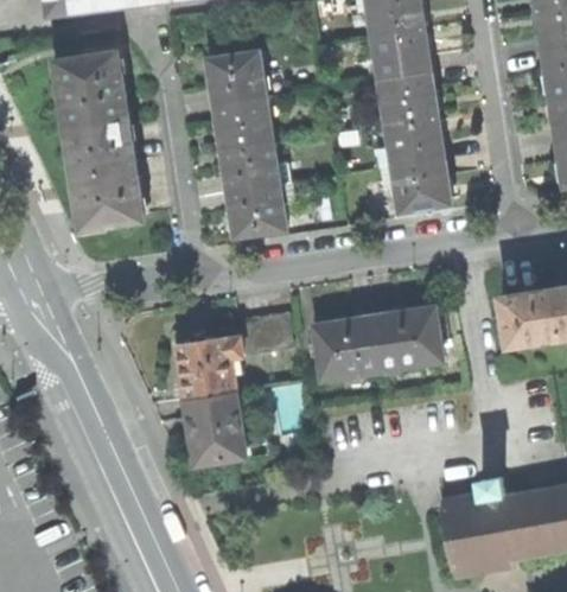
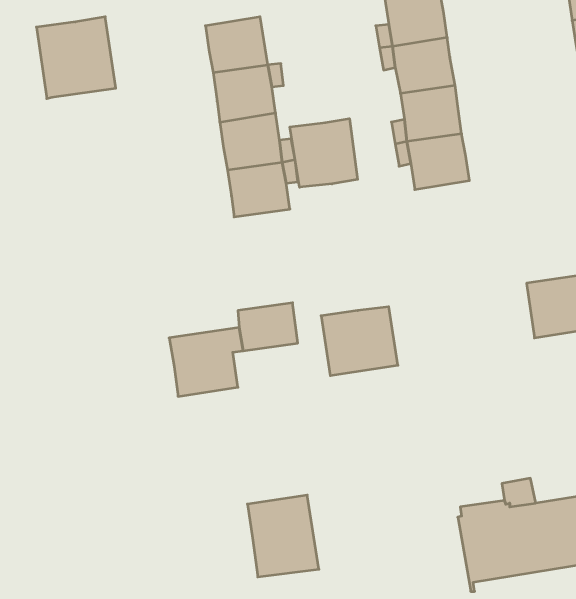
building: [68,119,141,229] -> none
building: none -> [290,119,358,187]
building: [375,308,442,371] -> none
building: [183,392,248,466] -> [247,495,319,577]

